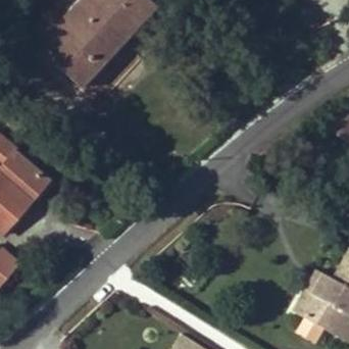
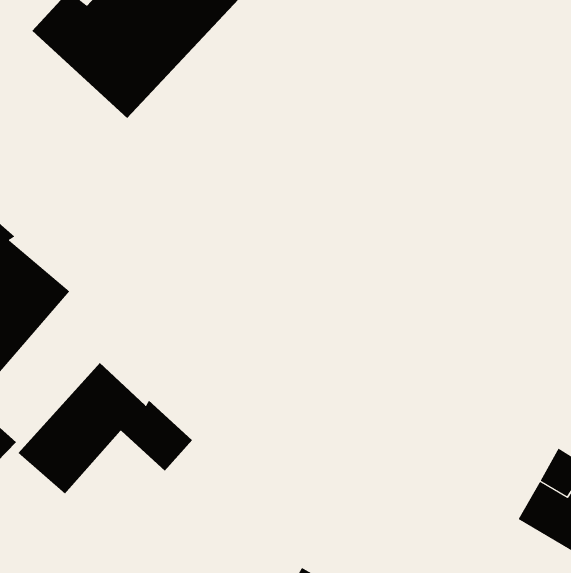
building: none -> [17,362,193,494]

